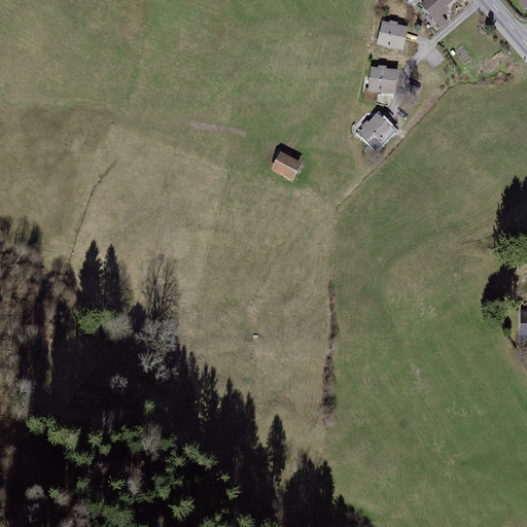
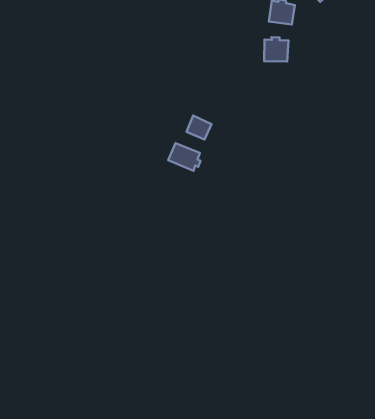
building: [358,113,393,149] -> none
building: none -> [168,143,200,171]

